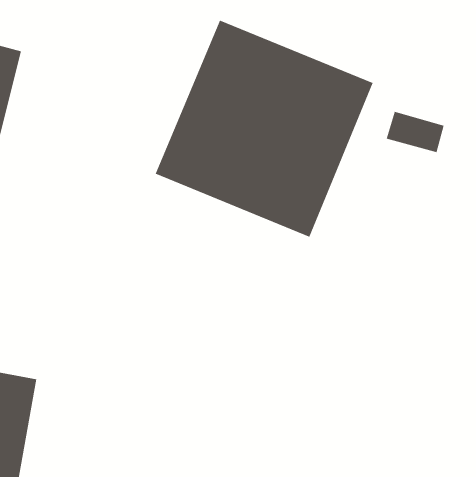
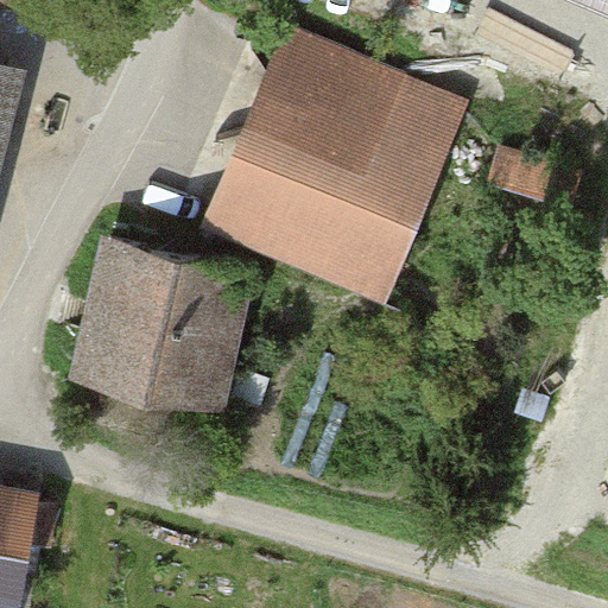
building: none -> [69,239,253,407]

